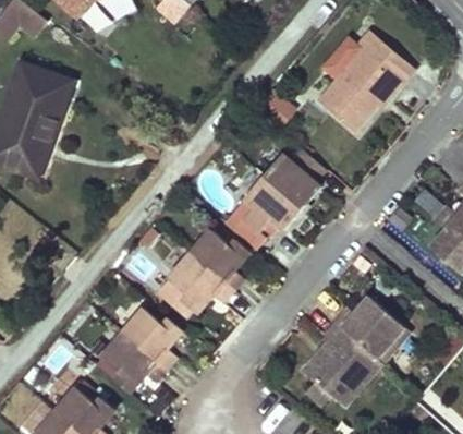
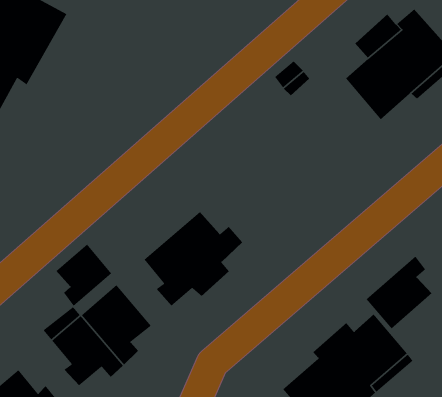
building: [243,154,321,238] -> none
building: none -> [365,255,433,329]
building: none -> [55,244,112,307]

